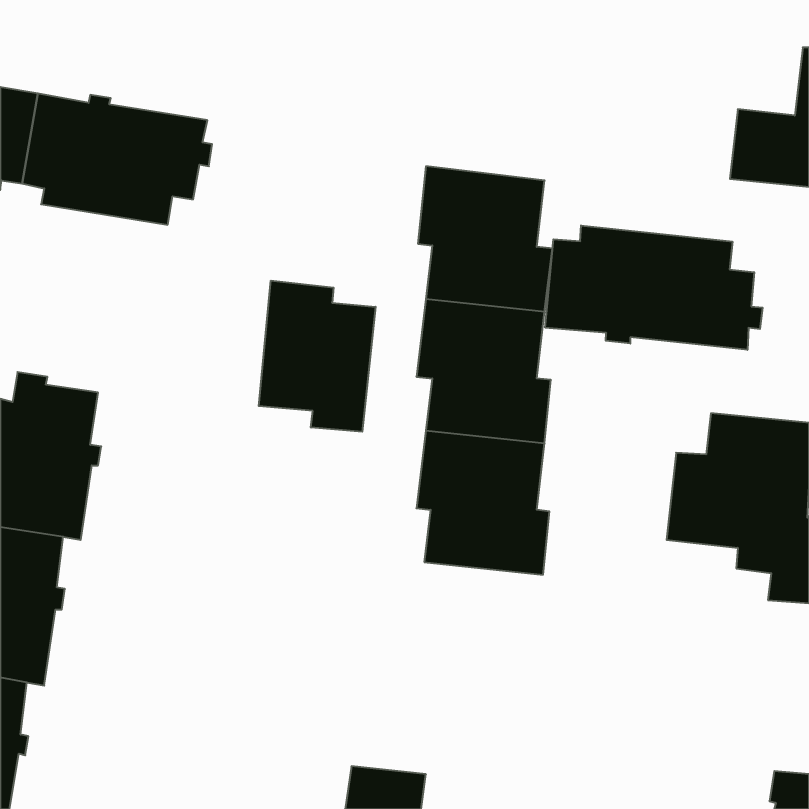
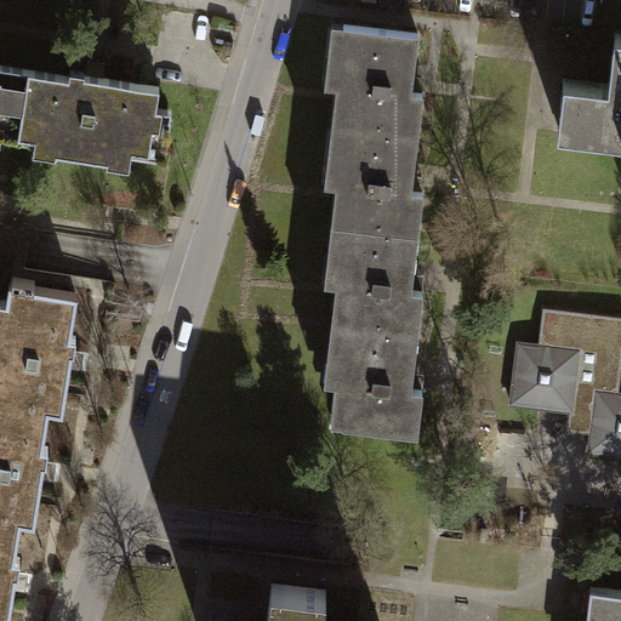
building: none -> [320,27,423,138]
building: [545,225,763,350] -> none
building: [259,281,376,432] -> none

